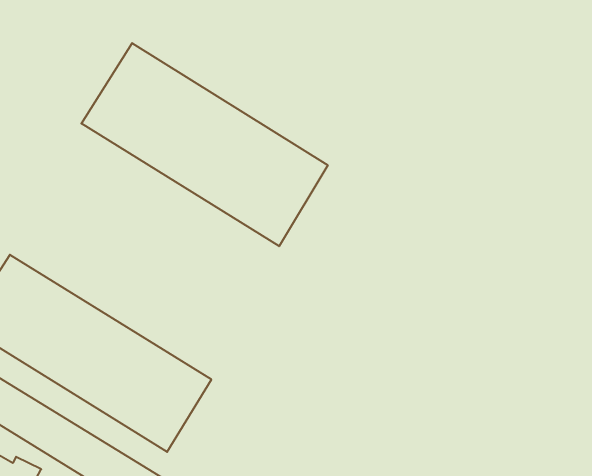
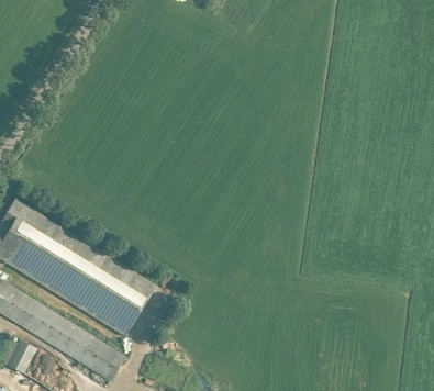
building: [81,43,328,246] -> none

